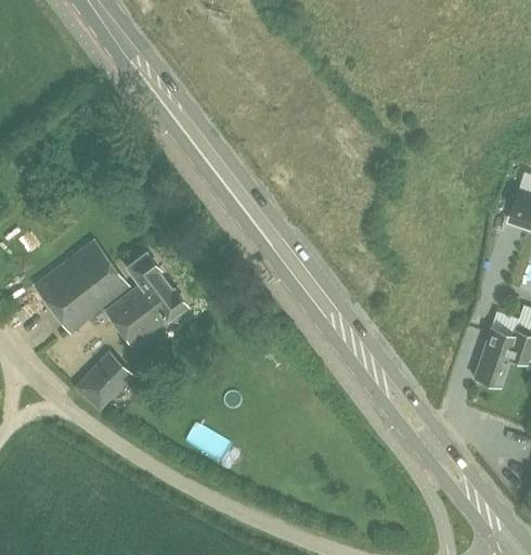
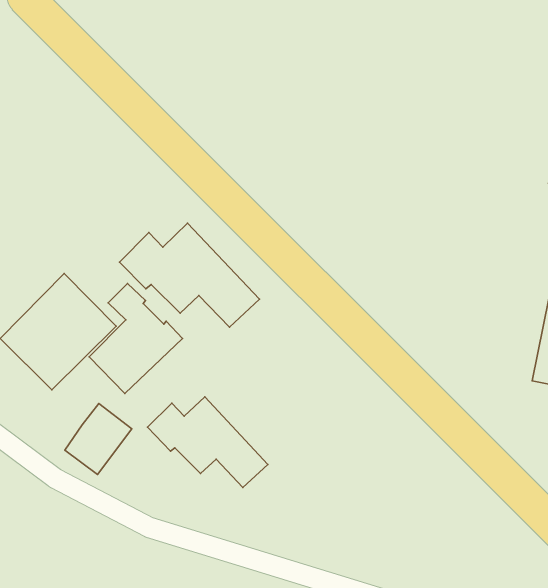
building: none -> [120,223,259,327]
building: none -> [147,397,268,488]

